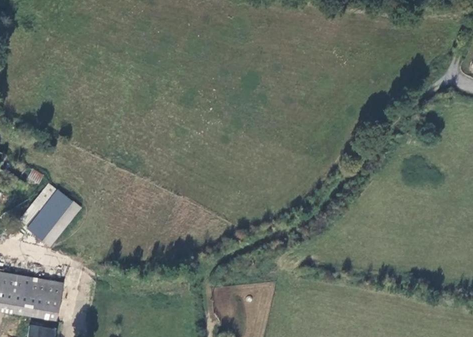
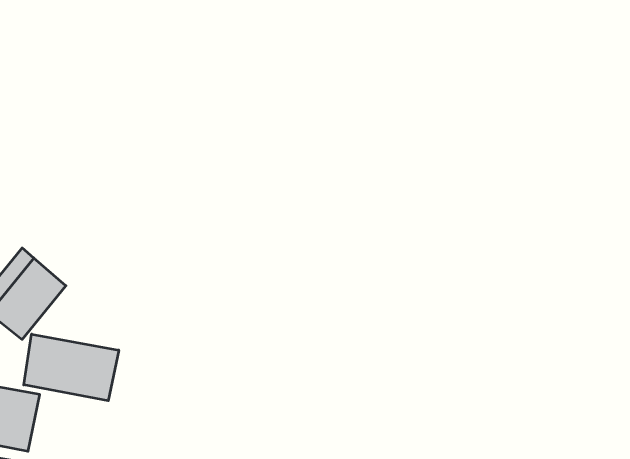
building: none -> [24,334,119,401]

